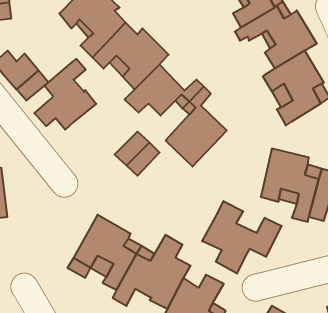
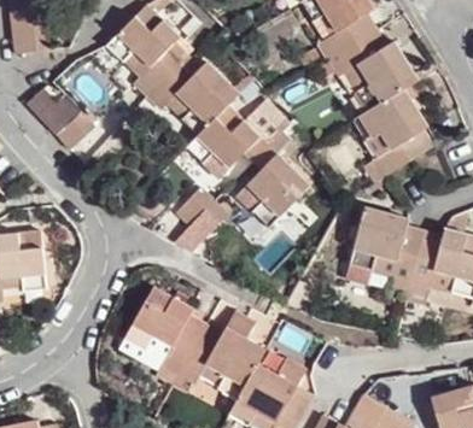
building: [34,59,96,130] -> none
building: [202,201,282,274] -> none

